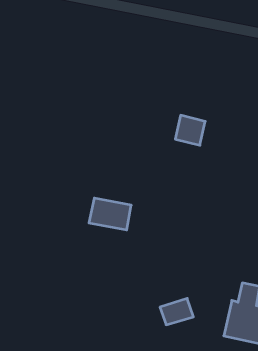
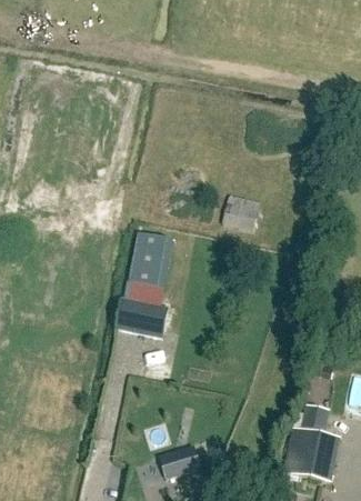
building: none -> [129,234,173,290]
building: [160,298,193,325] -> [158,447,200,480]

